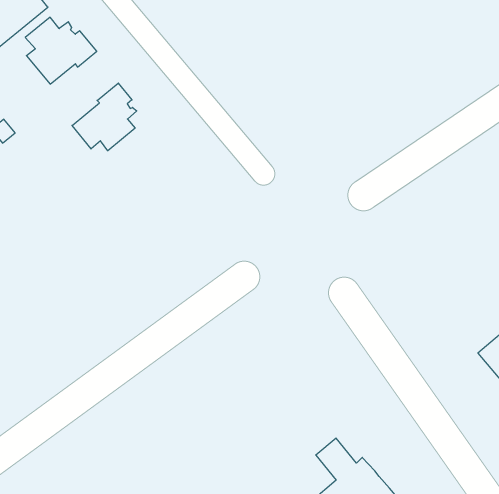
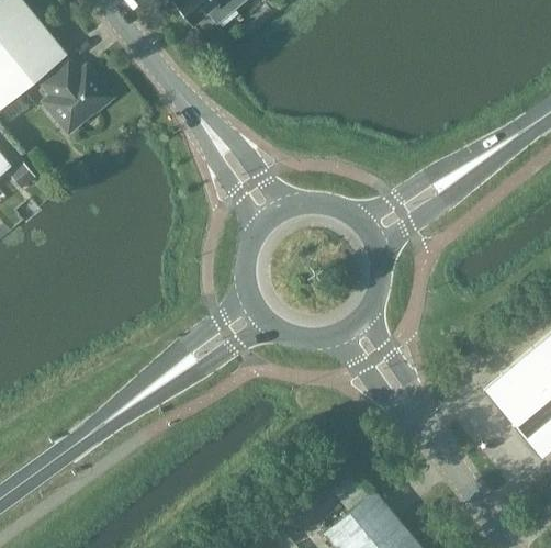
building: [72,83,137,151] -> none

